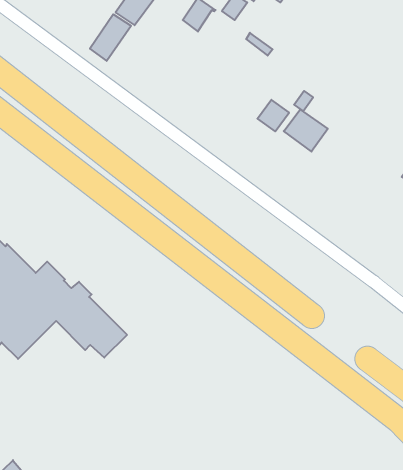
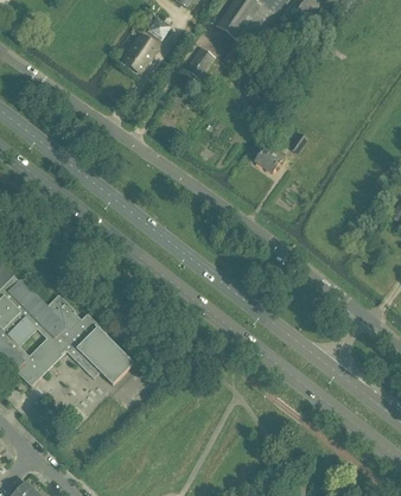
building: [90,14,131,61] -> none
building: [284,110,328,152] -> none

